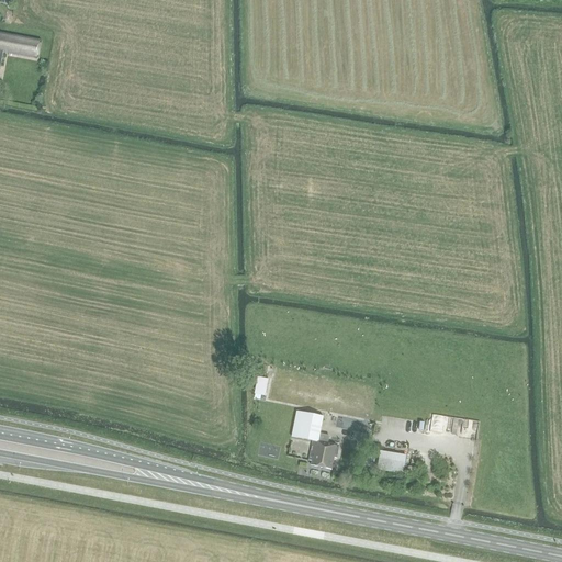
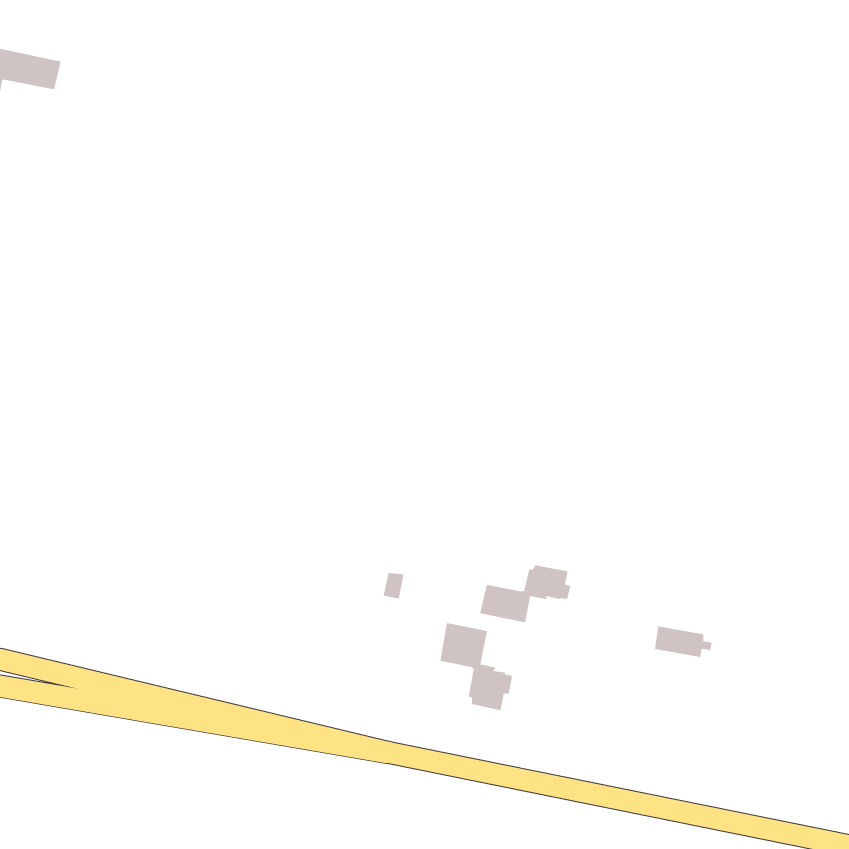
building: none -> [479,565,571,623]
building: [379,448,409,473] -> none

